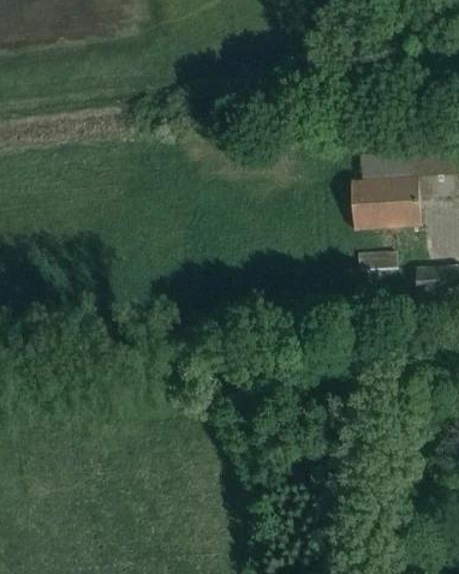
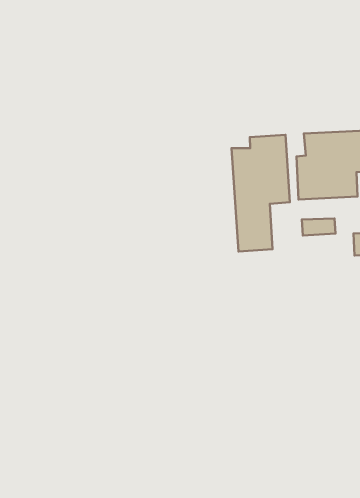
building: none -> [232,135,290,251]

